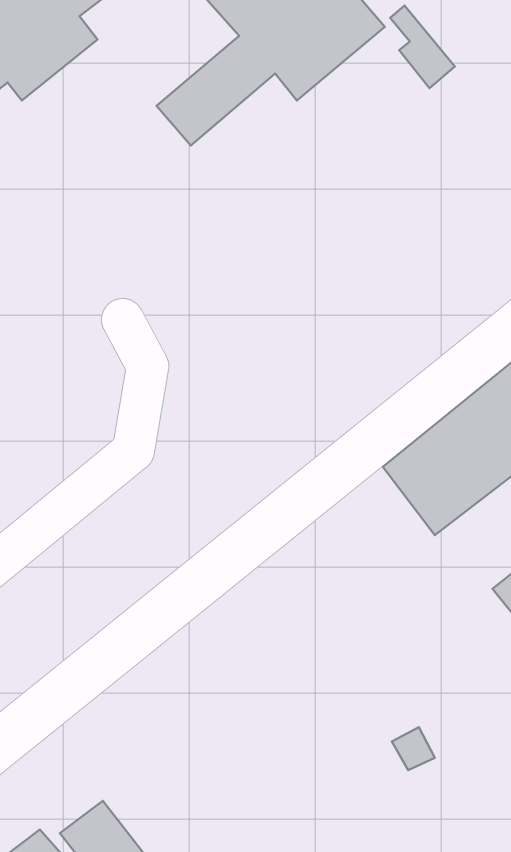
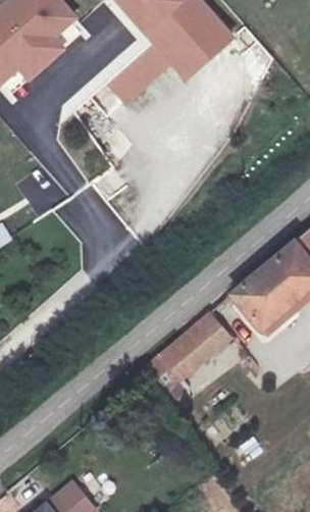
building: none -> [141,308,230,390]

